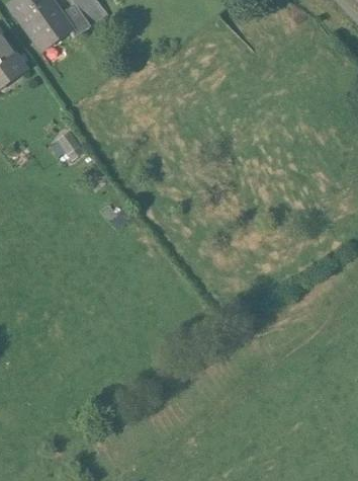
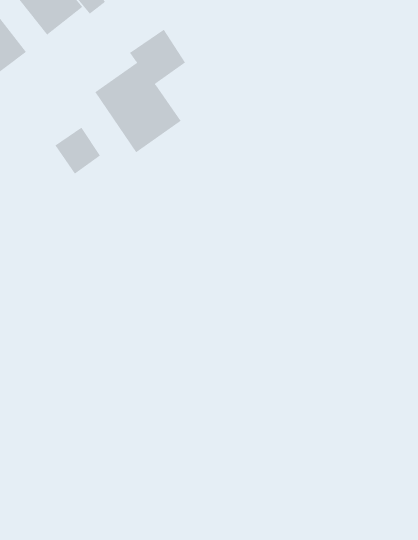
building: none -> [95,29,186,153]

